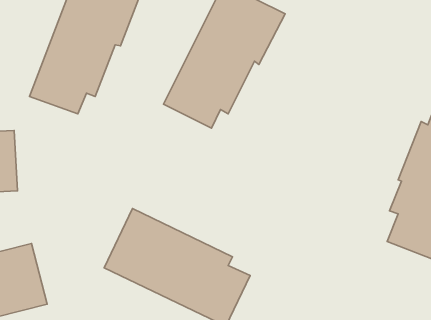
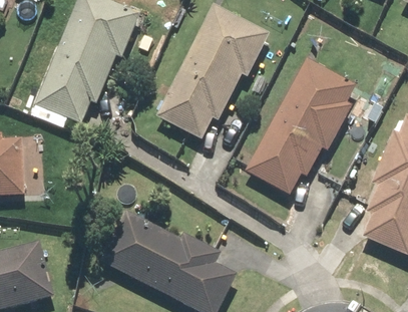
building: none -> [248,58,356,193]

